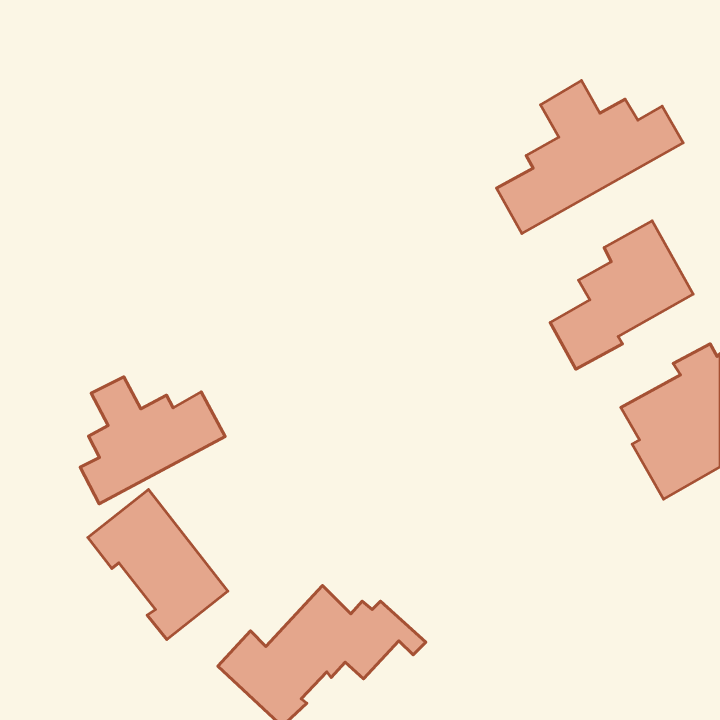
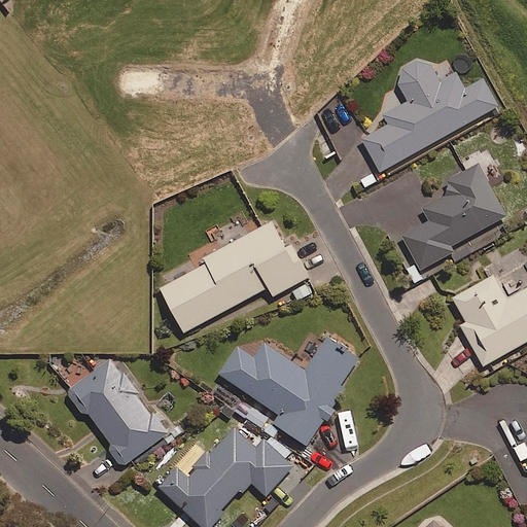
building: none -> [160,221,311,332]
building: [80,377,225,504] -> none
building: none -> [218,339,356,445]

